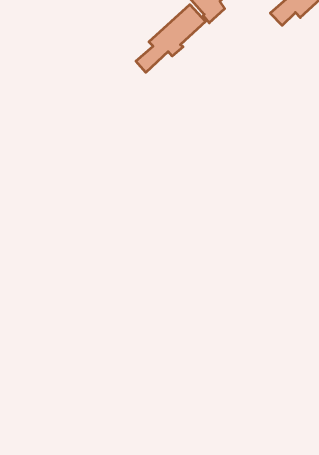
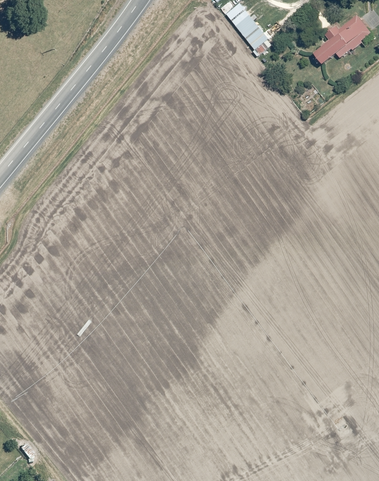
building: [136,5,206,72] -> none

